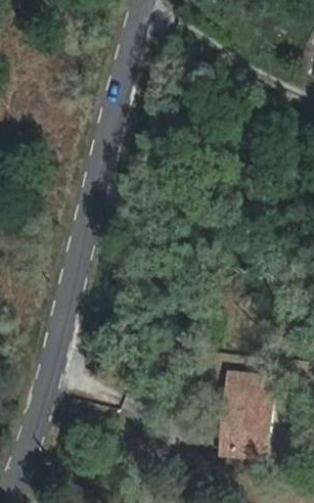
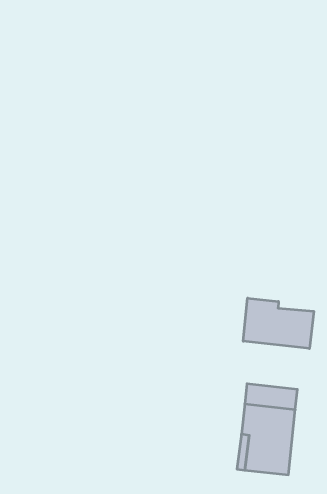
building: none -> [243,298,314,349]

